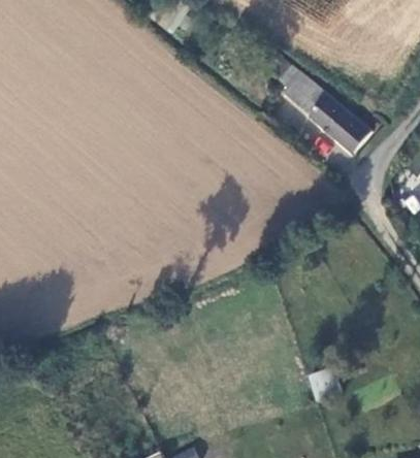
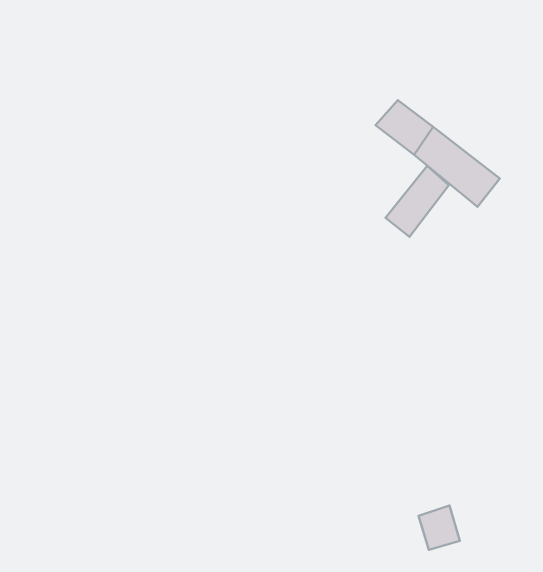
building: none -> [385,166,449,237]

